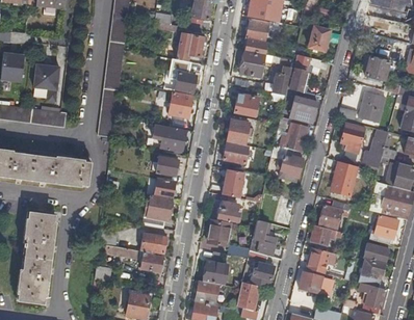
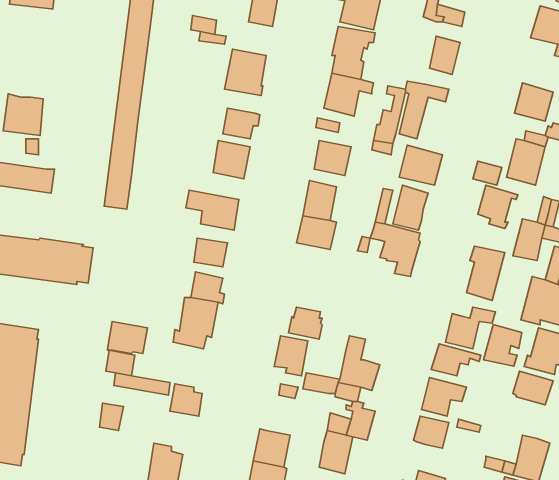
building: [222,168,244,195] -> none
building: [140,232,166,252] -> [107,321,147,354]
building: [359,259,384,286] -> [484,325,522,366]
building: [203,260,228,285] -> none

